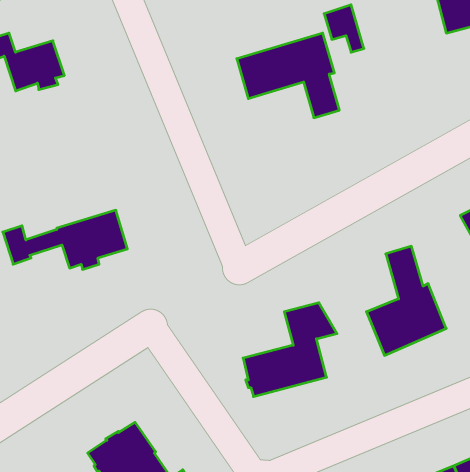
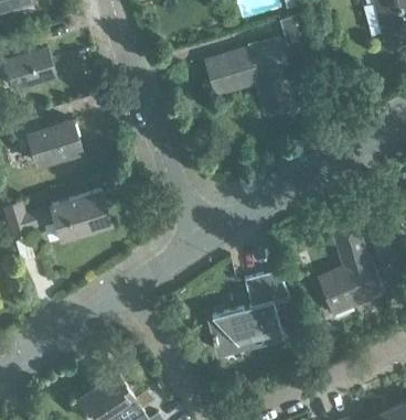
building: none -> [8,116,82,164]

